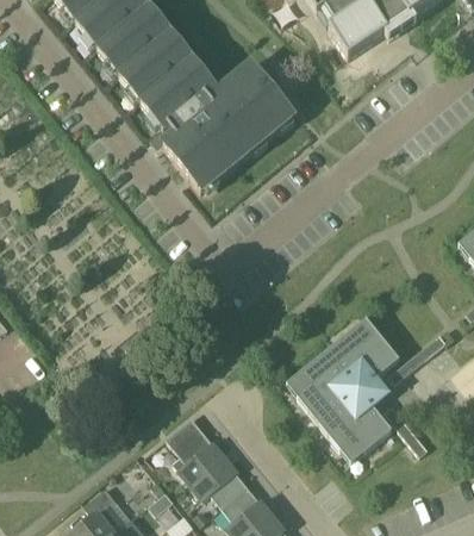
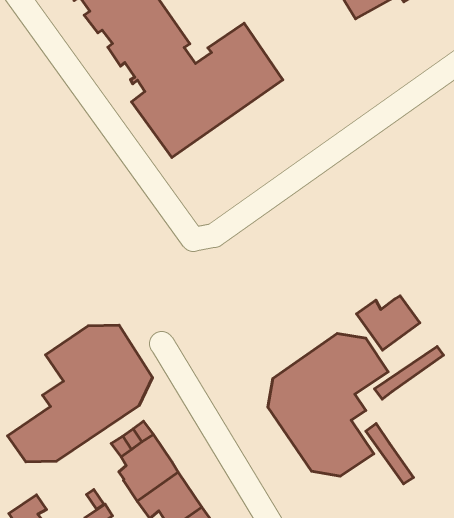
building: none -> [357,296,420,350]
building: none -> [8,325,153,462]

